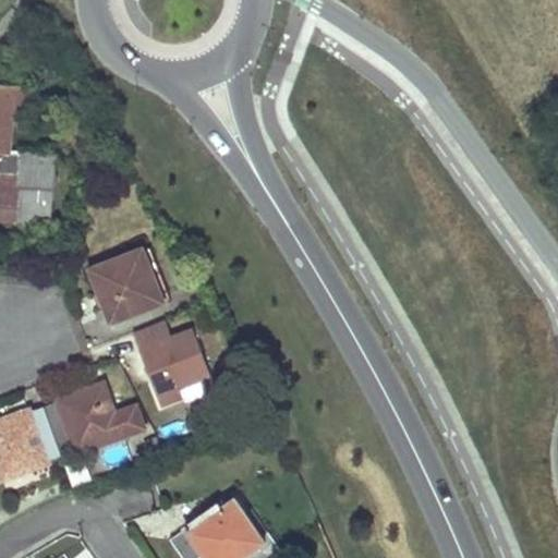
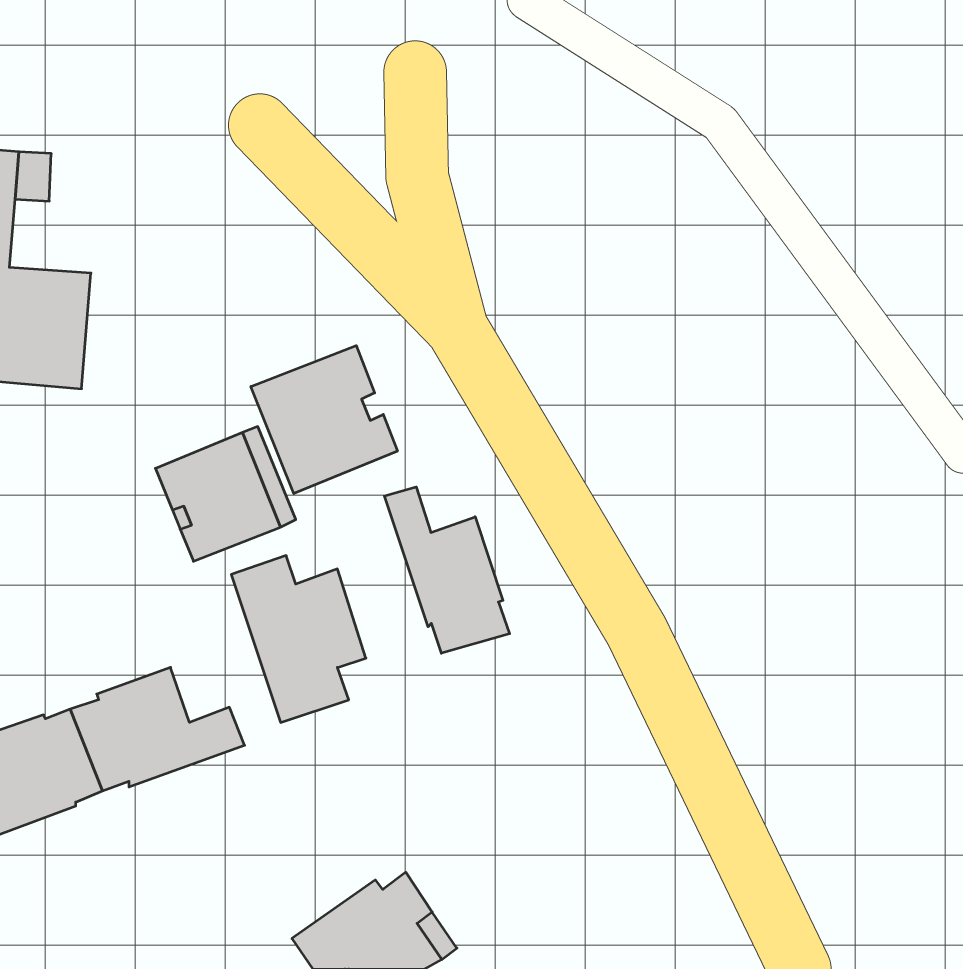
building: none -> [251,346,397,493]
building: none -> [384,487,510,653]

